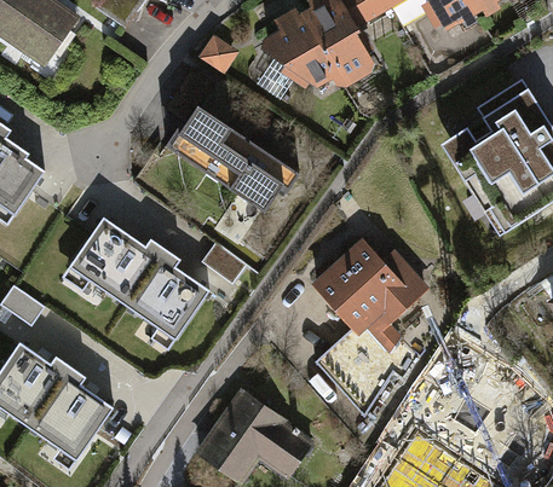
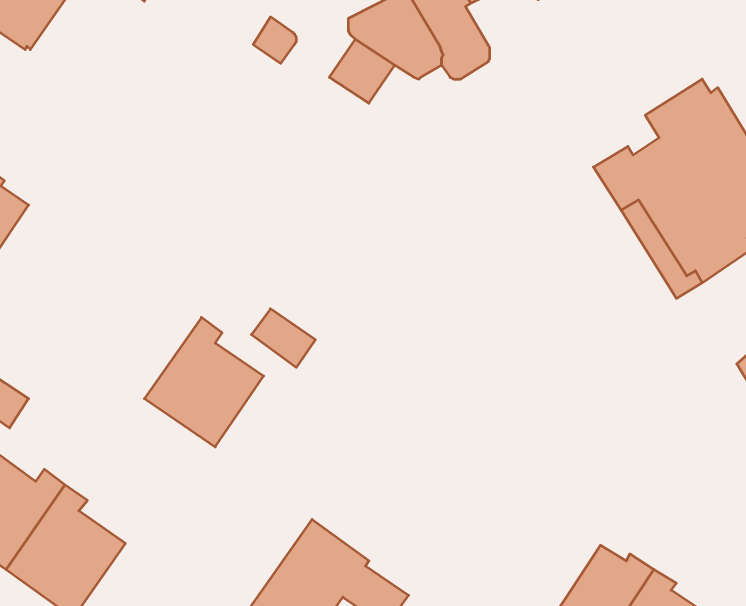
building: [166,105,299,211] -> none
building: [69,216,166,306] -> none
building: [315,243,425,417] -> none

